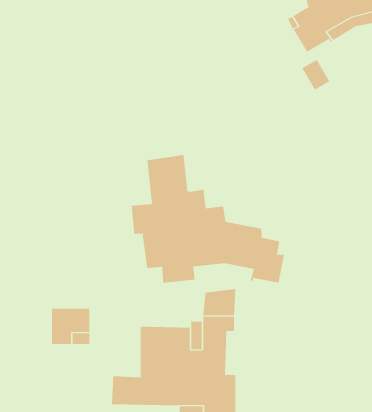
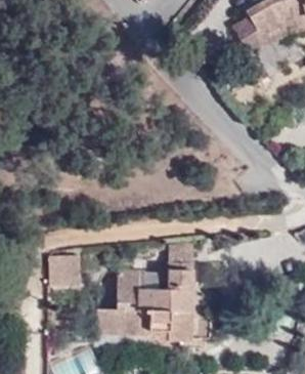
building: [131,154,284,284] -> none

